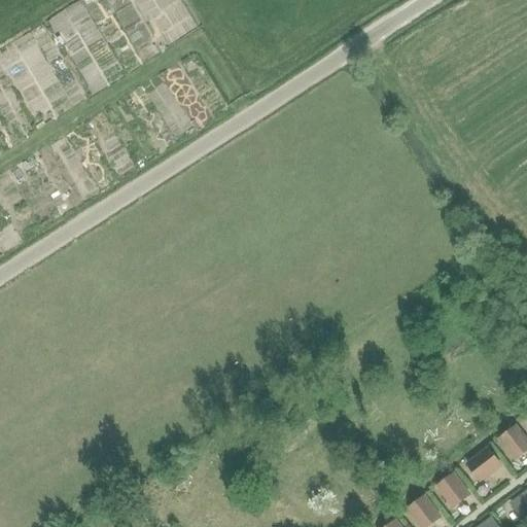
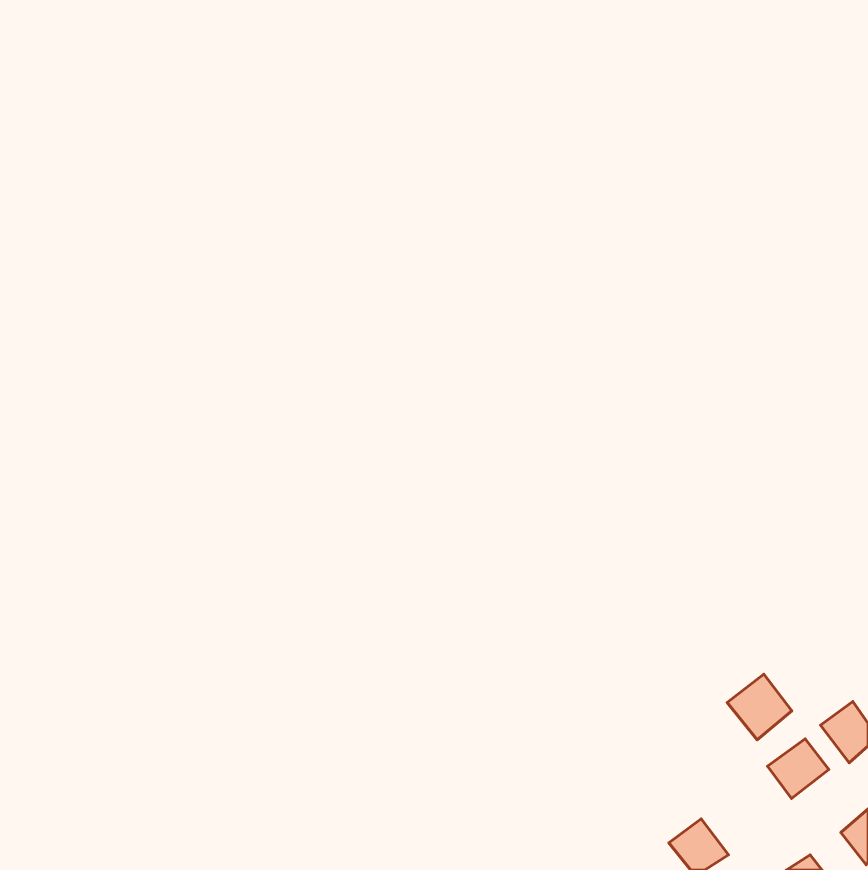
building: none -> [727,674,792,740]
building: [434,472,470,508] -> none

